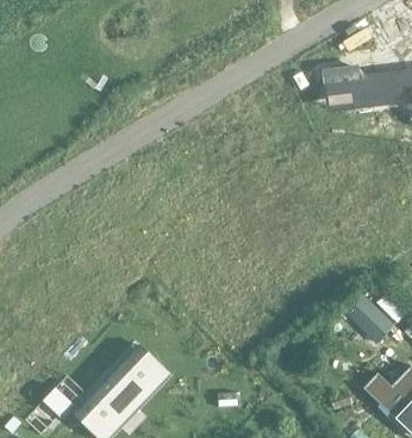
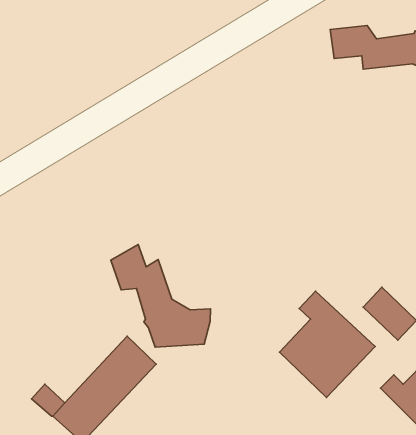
building: none -> [111,245,210,347]
building: none -> [280,291,375,397]

